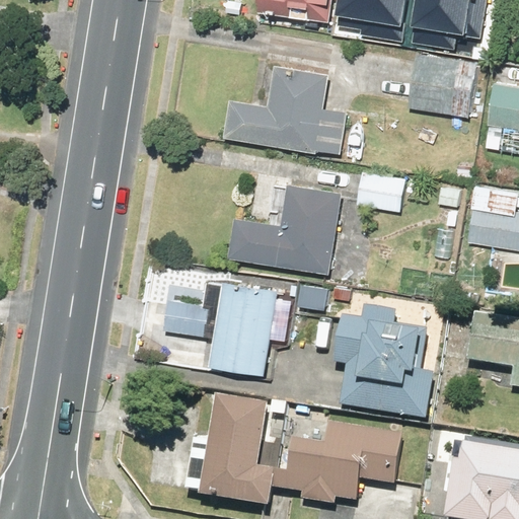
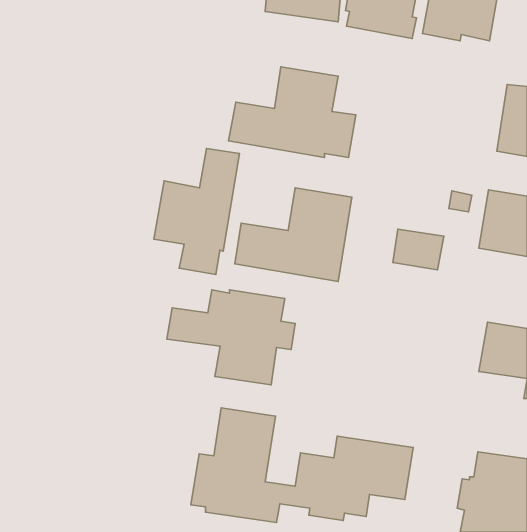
building: [406,53,476,117] -> none
building: none -> [154,149,239,274]
building: [355,171,404,211] -> [393,229,444,270]
building: [332,306,434,422] -> none

